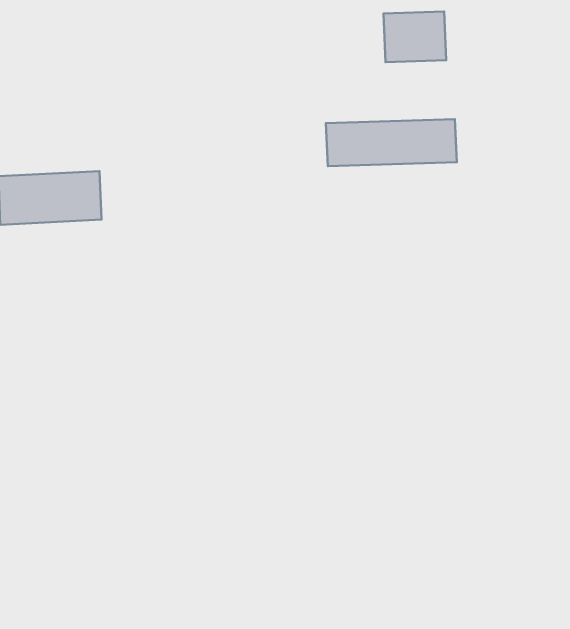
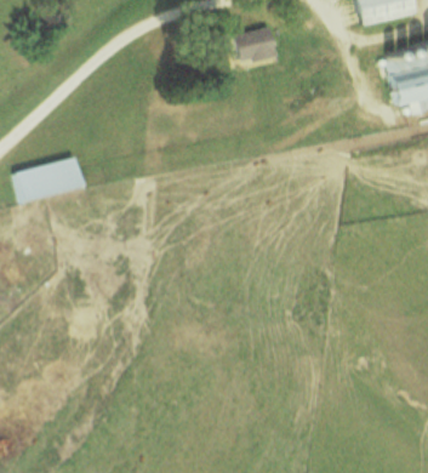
building: [326,119,457,166] -> none

